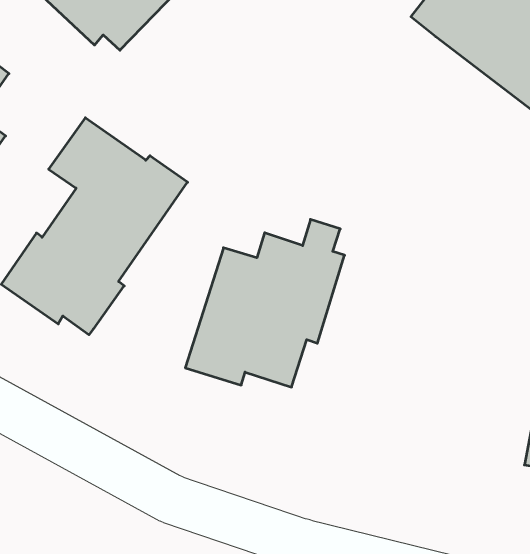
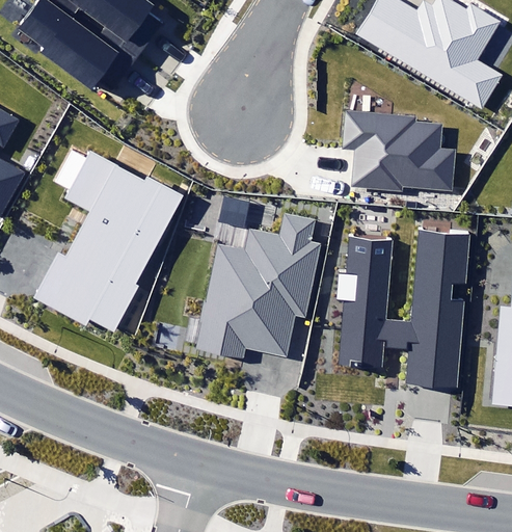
building: none -> [343,111,454,191]
building: none -> [339,231,469,390]

